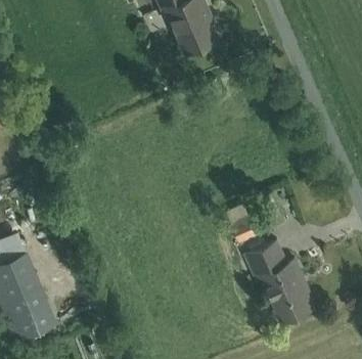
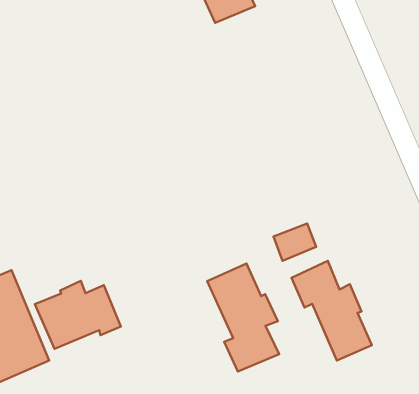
building: none -> [207,264,279,372]
building: none -> [35,281,121,349]

